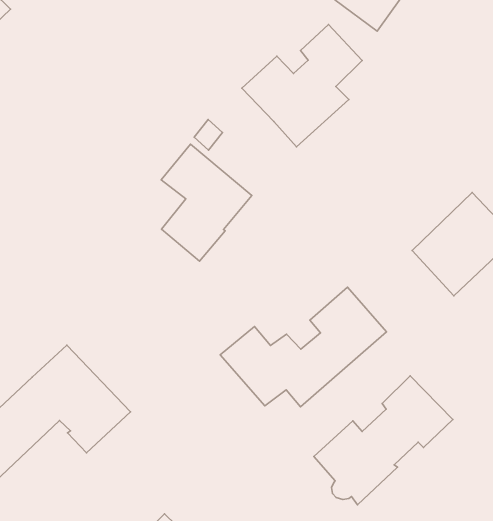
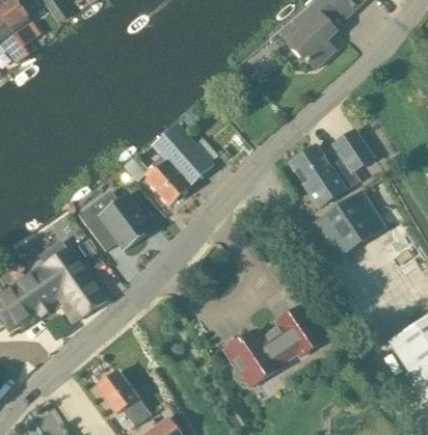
building: [242,24,362,147] -> [288,129,372,208]
building: none -> [78,193,144,250]
building: [220,287,387,407] -> none

